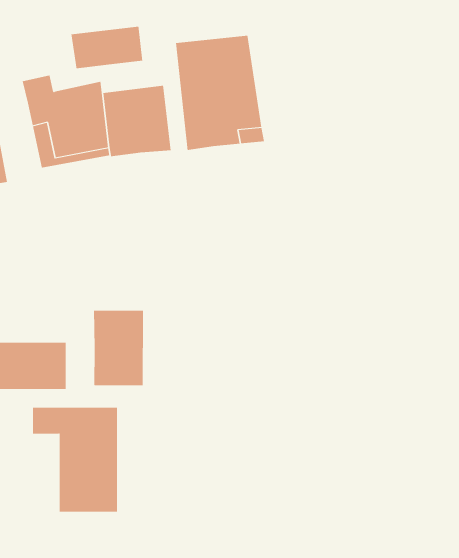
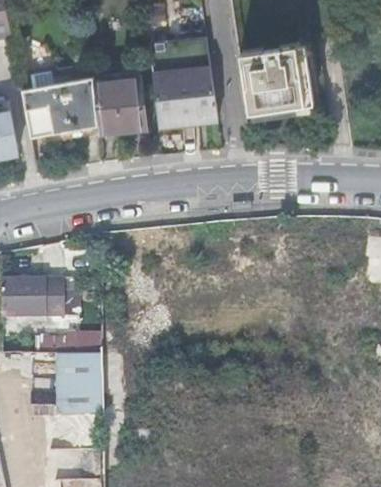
building: [71,26,143,69] -> none
building: none -> [238,45,312,115]
building: [93,310,144,386] -> none

